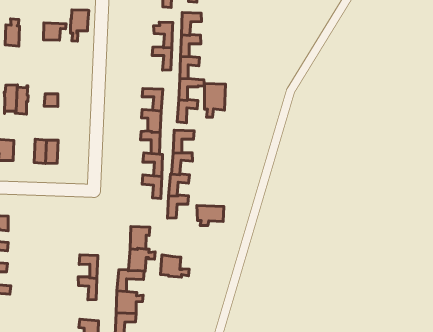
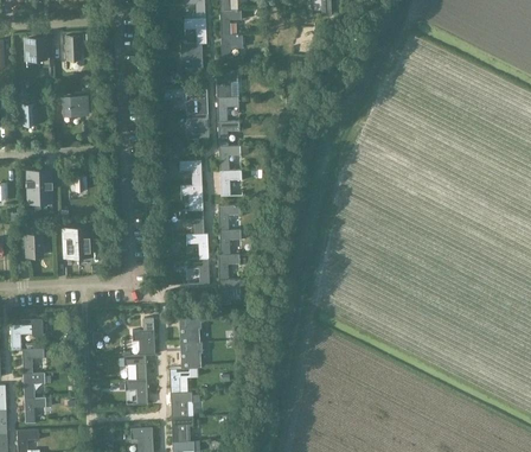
building: [70,10,89,41] -> none
building: [204,83,225,117] -> none
building: [197,206,224,225] -> none
building: none -> [133,318,155,356]
building: [160,255,189,277] -> none

